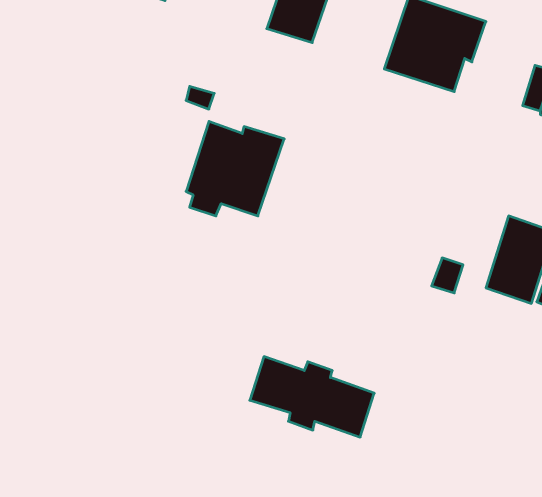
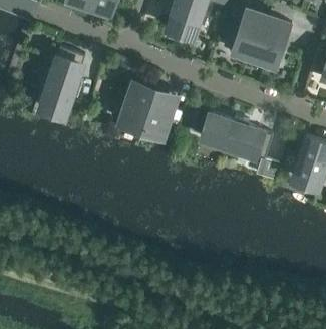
building: none -> [38,49,84,118]
building: [250,357,374,437] -> [201,115,272,161]

